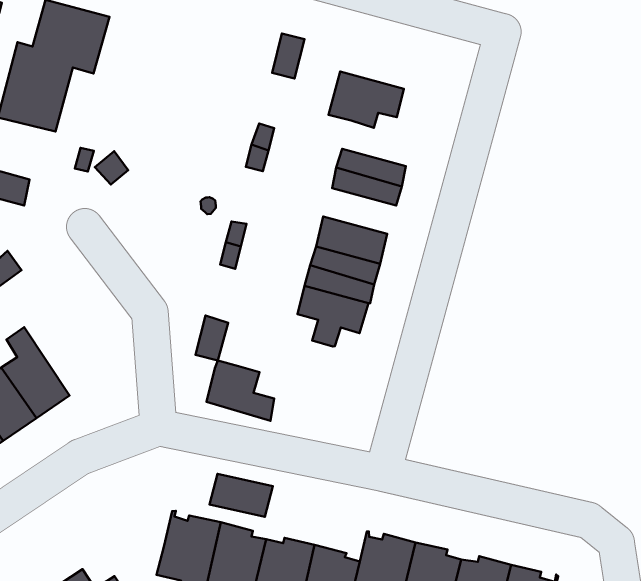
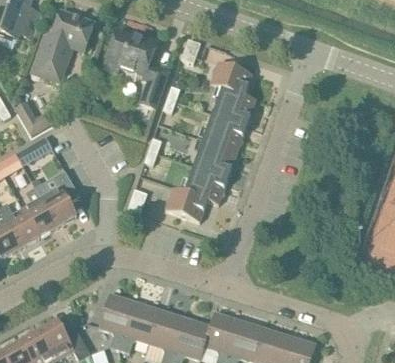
building: none -> [104,29,168,107]
building: none -> [216,84,256,114]
building: none -> [203,123,243,150]
building: none -> [36,170,80,225]
building: [206,360,274,421] -> [166,186,203,221]
building: [210,474,273,517] -> none

